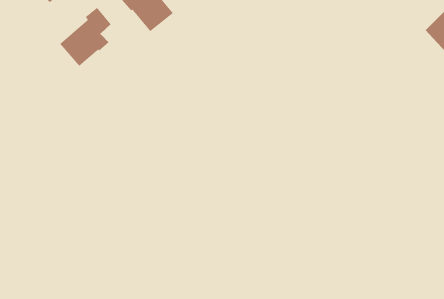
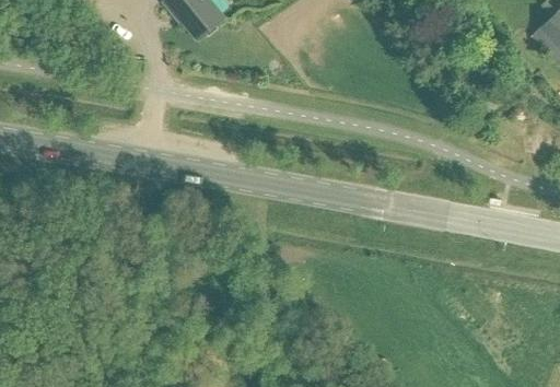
building: [59,7,112,67] -> none

